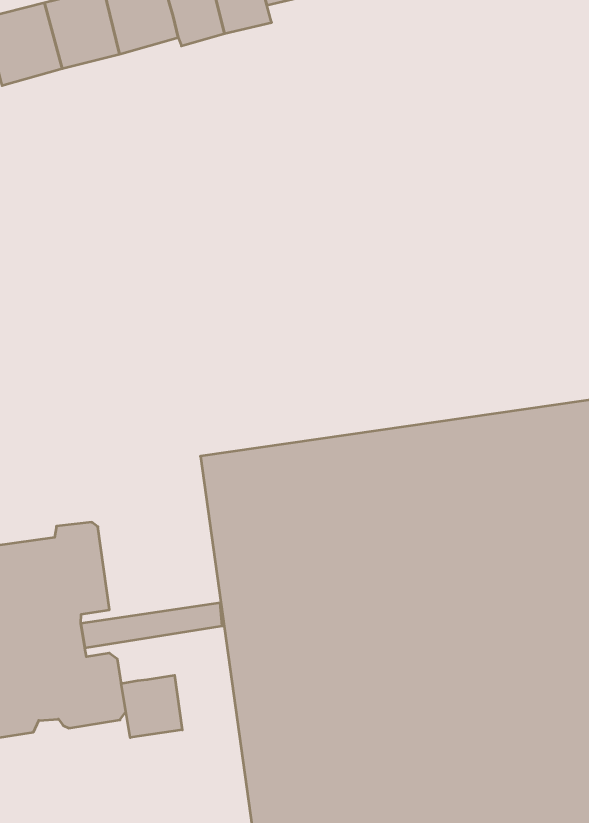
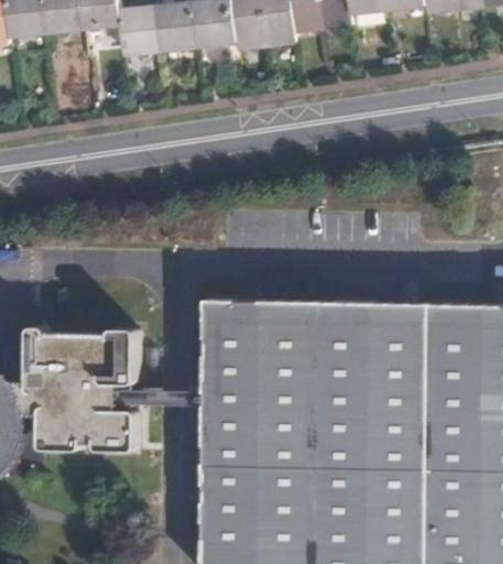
building: [121,675,182,738] -> none

